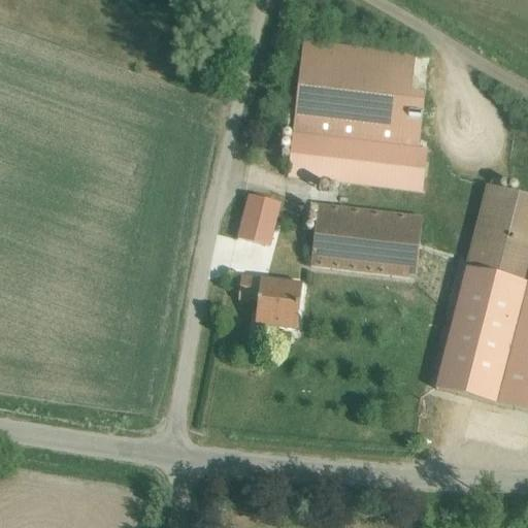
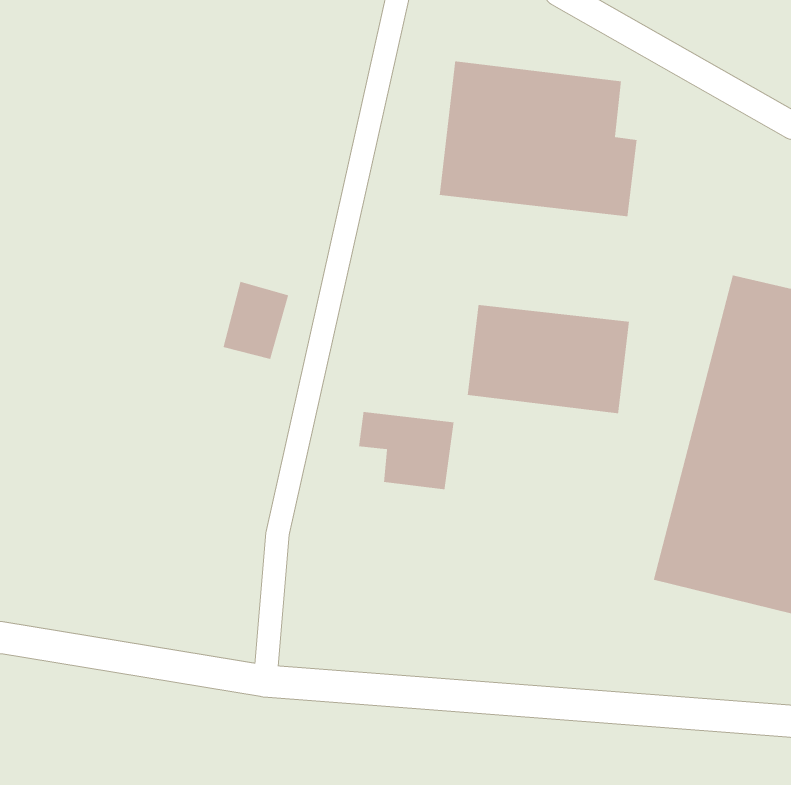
building: [288,130,428,189] -> none
building: [237,192,282,244] -> [223,281,289,360]

